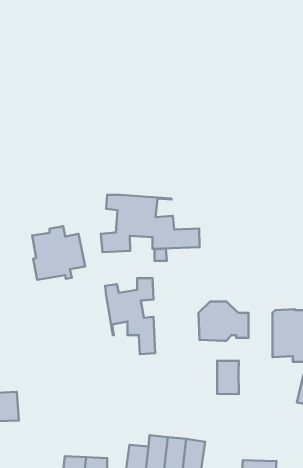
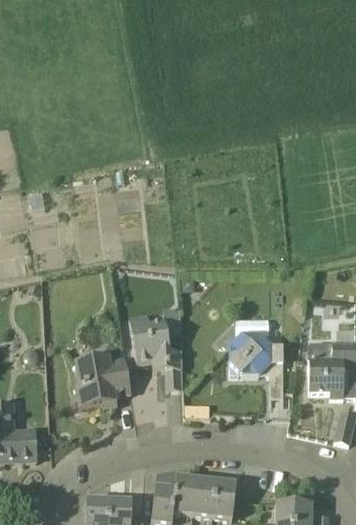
building: [101,195,200,252] -> none
building: [32,226,85,280] -> [76,350,132,407]
building: [217,361,239,394] -> none

